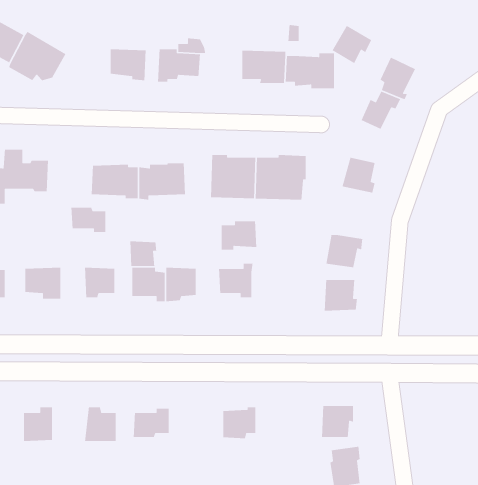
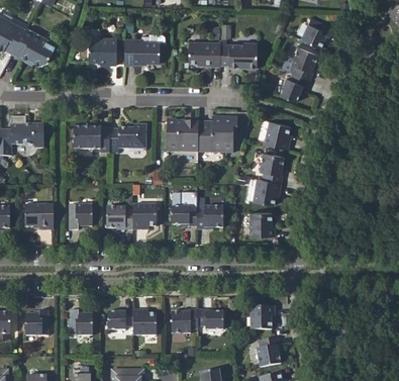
building: [332,25,372,64] -> [302,19,332,49]
building: none -> [256,154,281,182]
building: [71,207,106,233] -> none
building: [221,221,257,250] -> [196,204,223,226]
building: [130,241,157,267] -> none
building: none -> [199,307,225,327]
building: none -> [133,308,156,335]

